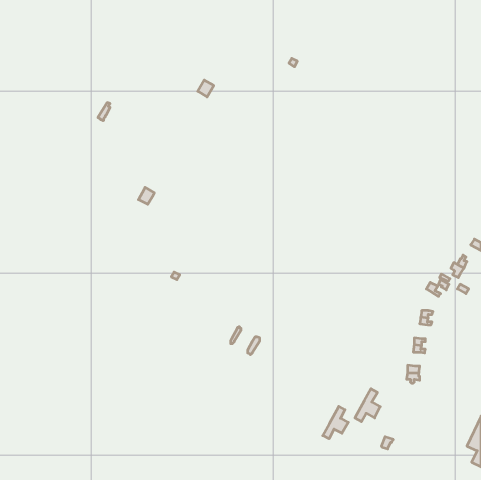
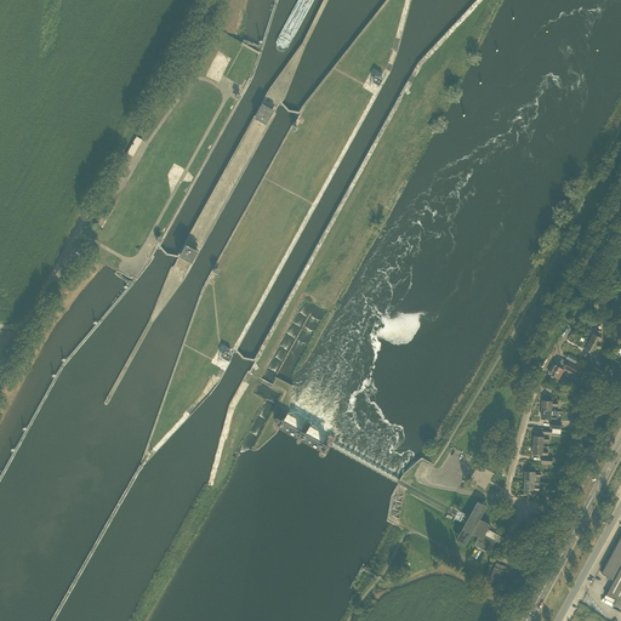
building: [323,406,348,439] -> none

